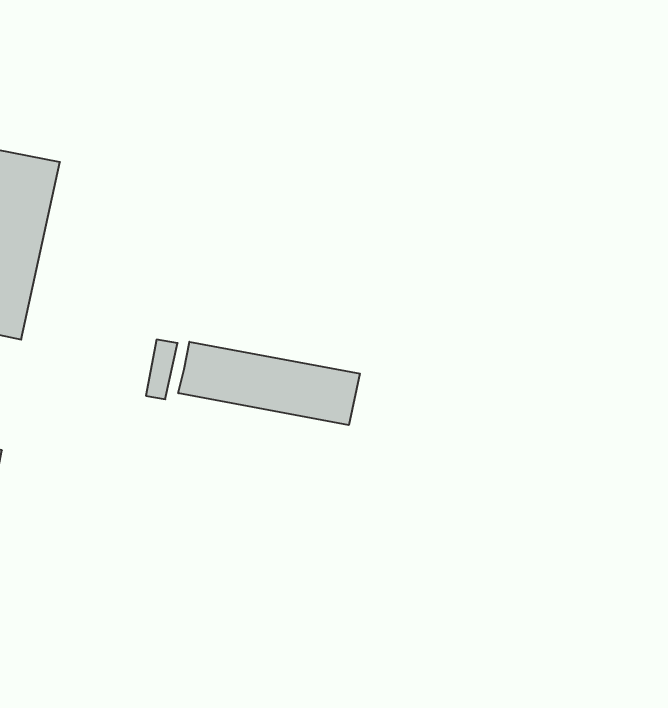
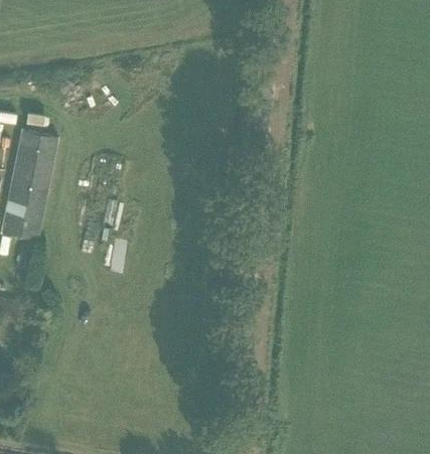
building: [178,342,360,425] -> none

